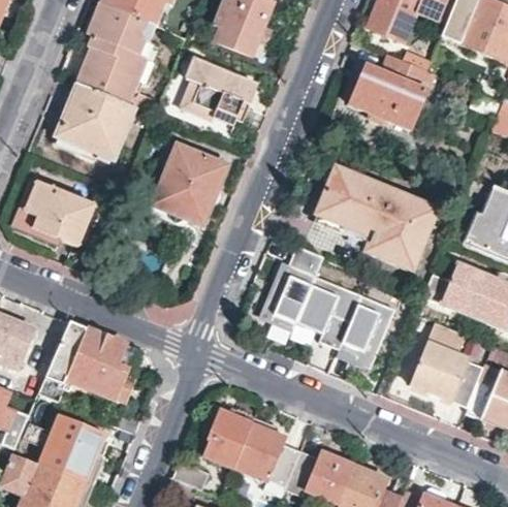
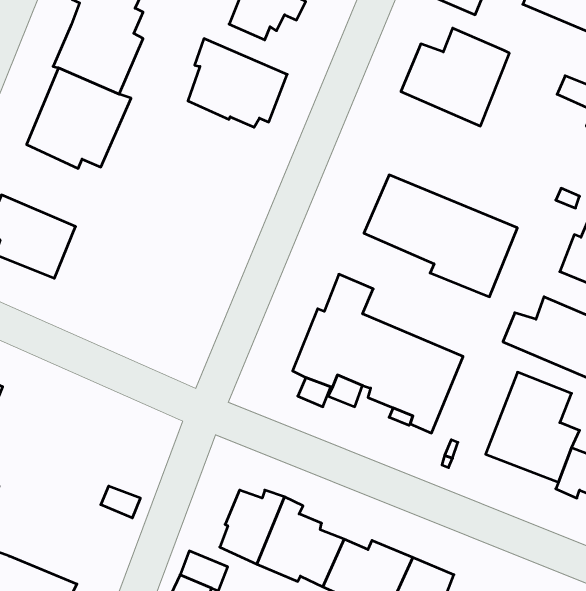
building: [150,144,228,226] -> none
building: [37,321,146,403] -> none
building: [39,413,106,485] -> none

